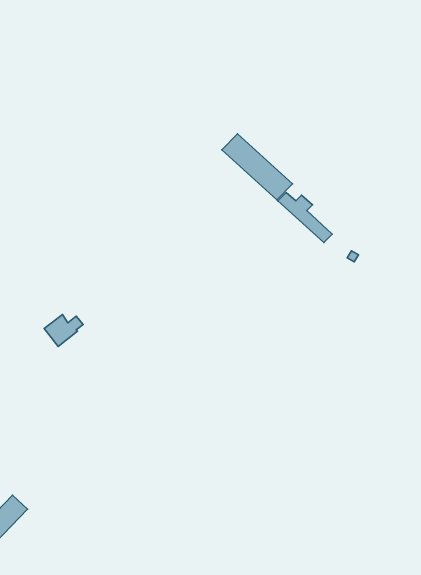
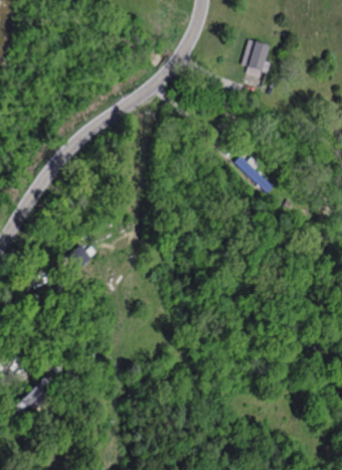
building: none -> [242,40,272,76]
building: [222,134,293,200] -> none

